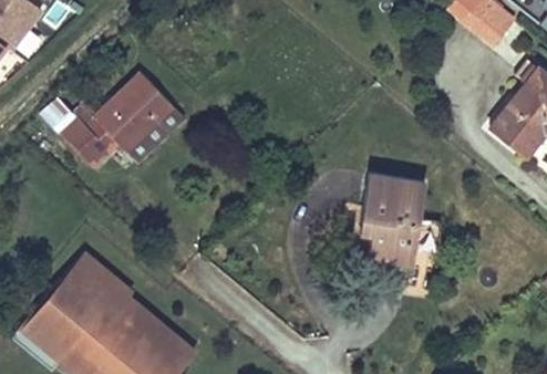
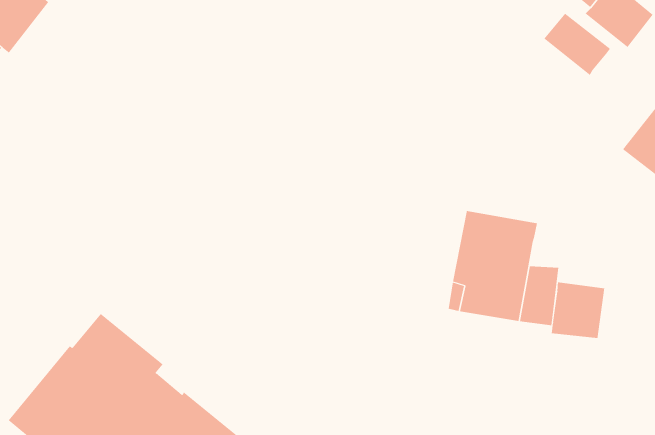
building: none -> [544,13,611,76]
building: [38,69,186,167] -> none
building: none -> [551,282,605,339]

